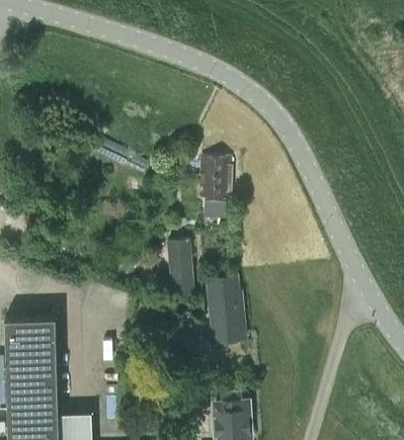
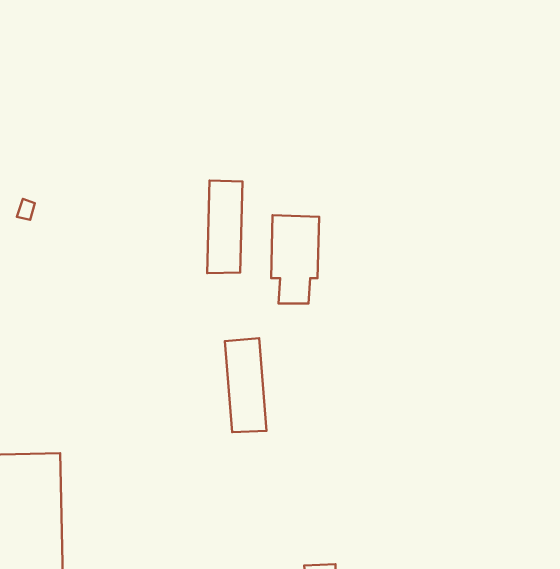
building: none -> [207,181,242,273]
building: [208,276,246,342] -> none

